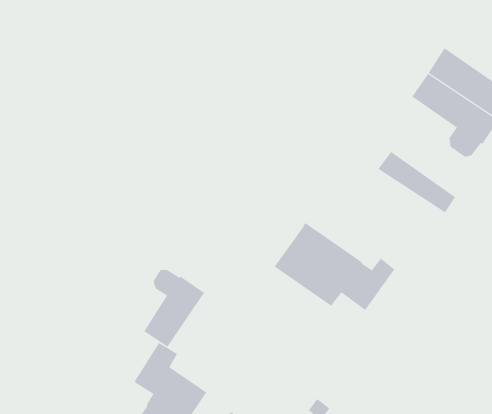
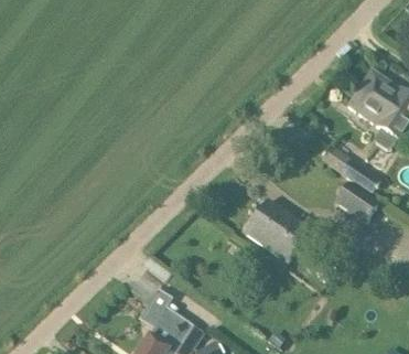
building: none -> [334,181,380,223]
building: [143,269,205,347] -> none

